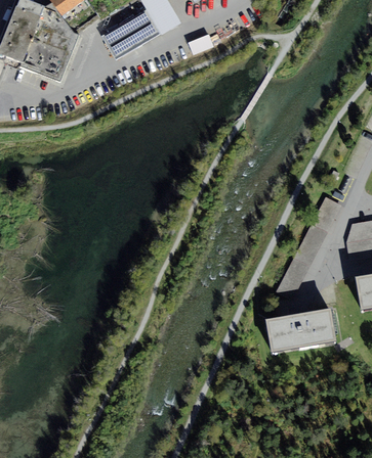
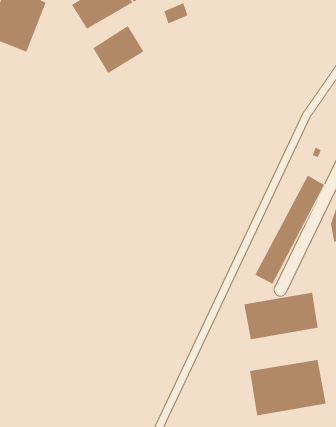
building: none -> [92,25,144,74]
building: none -> [250,359,326,416]

